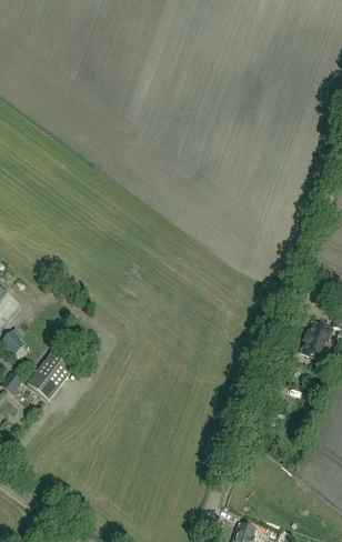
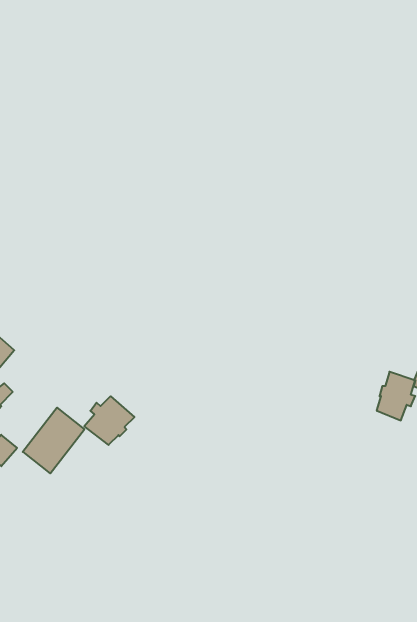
building: none -> [84,396,134,445]

